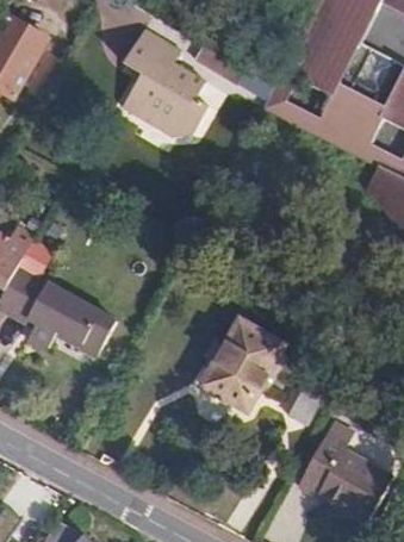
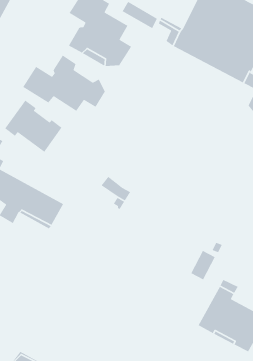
building: none -> [22,54,106,112]
building: none -> [4,100,62,153]
building: [200,319,282,412] -> none

